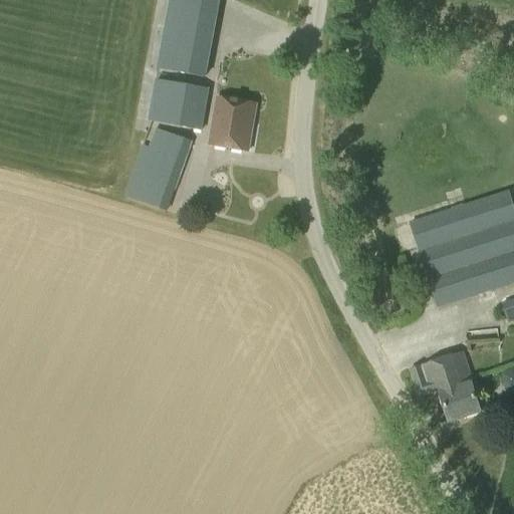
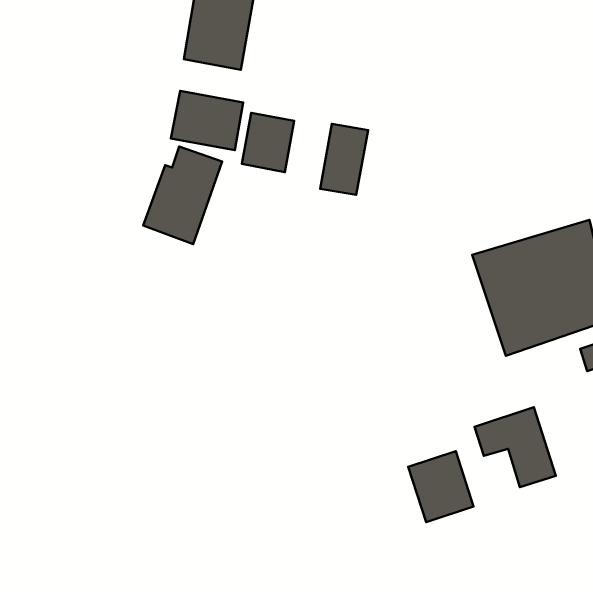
building: [157,51,209,76] -> none
building: none -> [320,124,368,195]
building: none -> [408,451,474,522]

